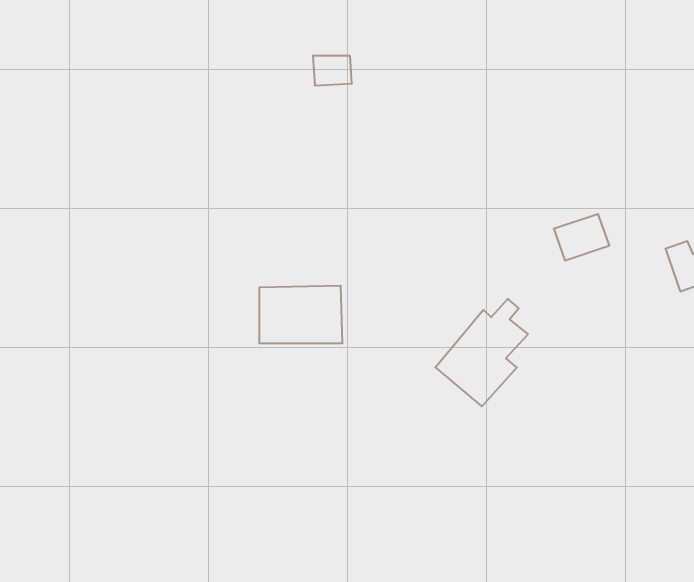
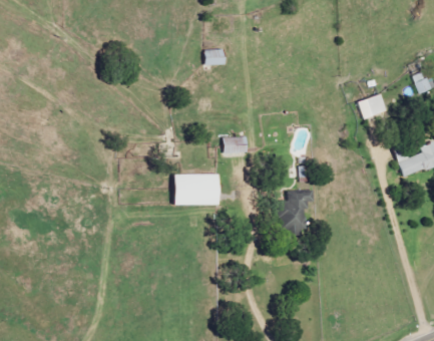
building: [554,214,609,260] -> [356,93,386,118]
building: none -> [223,136,248,154]

